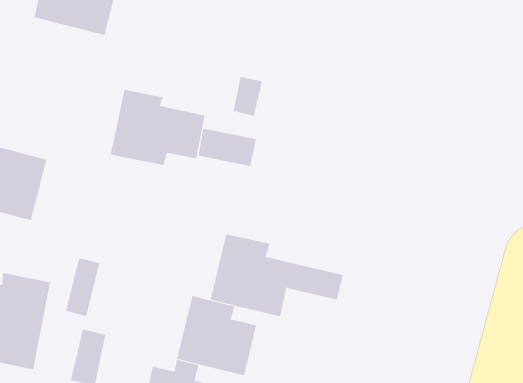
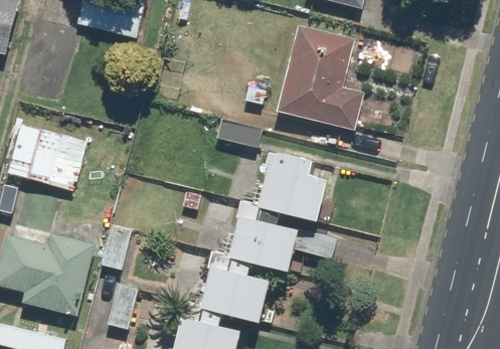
building: none -> [278,22,363,128]
building: [110,89,205,166] -> none
building: none -> [255,152,325,221]

